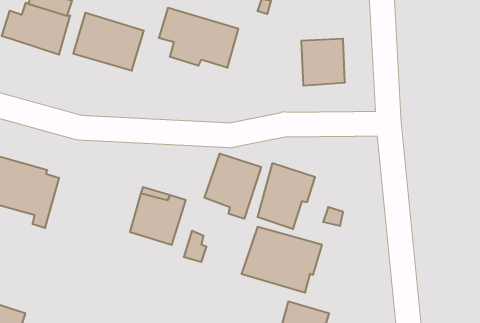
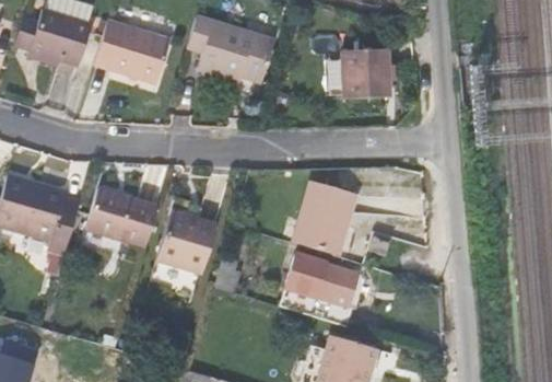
building: [204,153,261,219] -> none
building: none -> [86,190,156,248]

